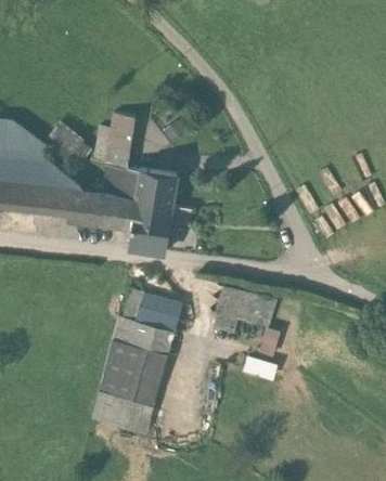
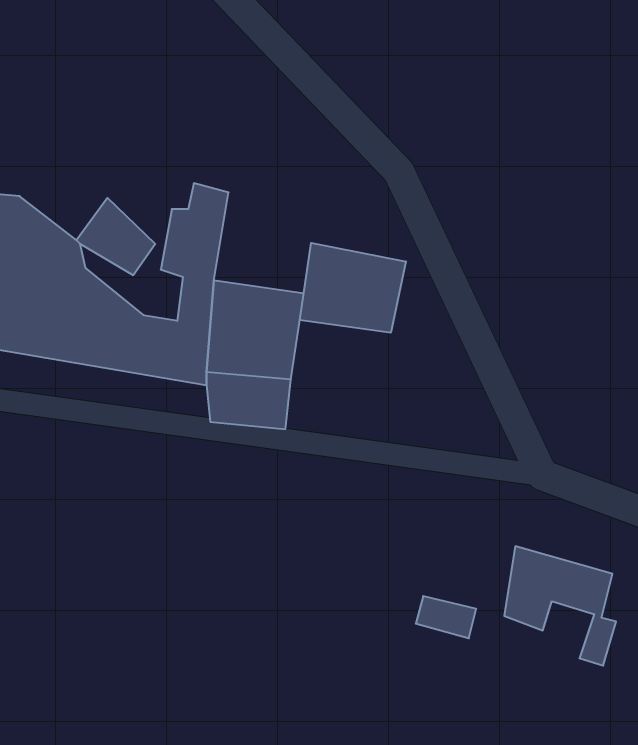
building: none -> [300,243,406,333]
building: [215,286,281,356] -> [504,546,616,666]
building: [93,288,178,436] -> none

